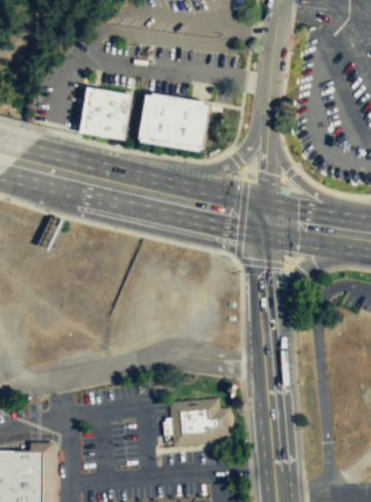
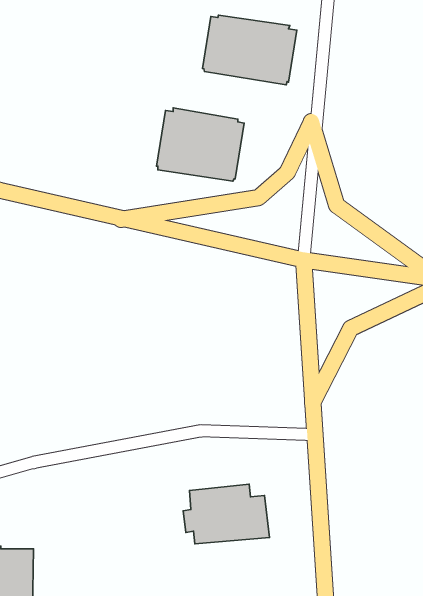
building: none -> [203,15,297,85]
building: [78,86,133,142] -> none

